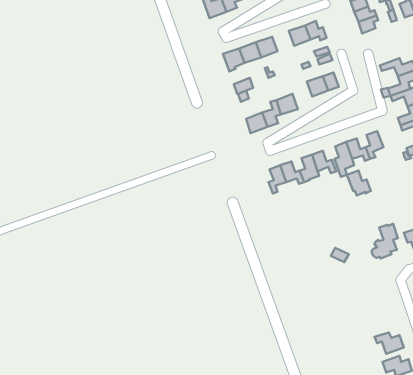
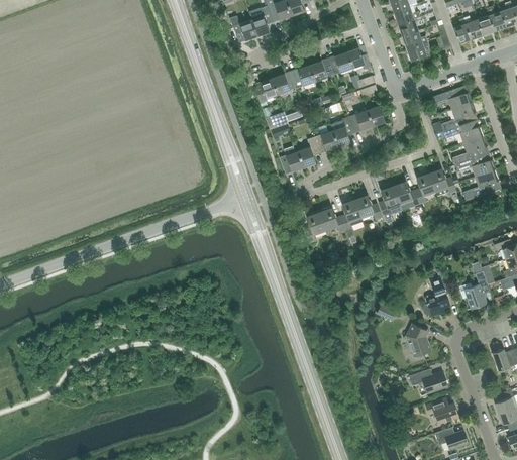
building: none -> [310,58,335,81]
building: none -> [333,115,355,146]
building: [347,170,371,195] -> [429,166,456,195]
building: none -> [407,324,431,356]
building: none -> [410,368,448,393]

